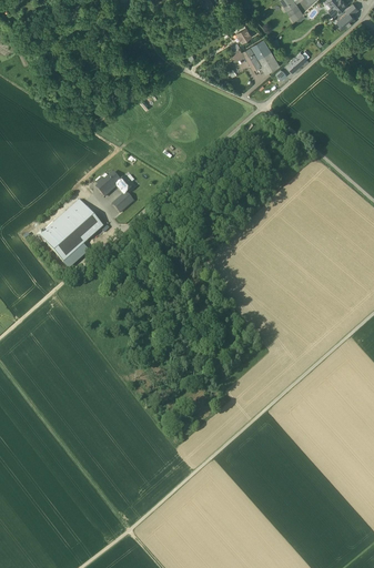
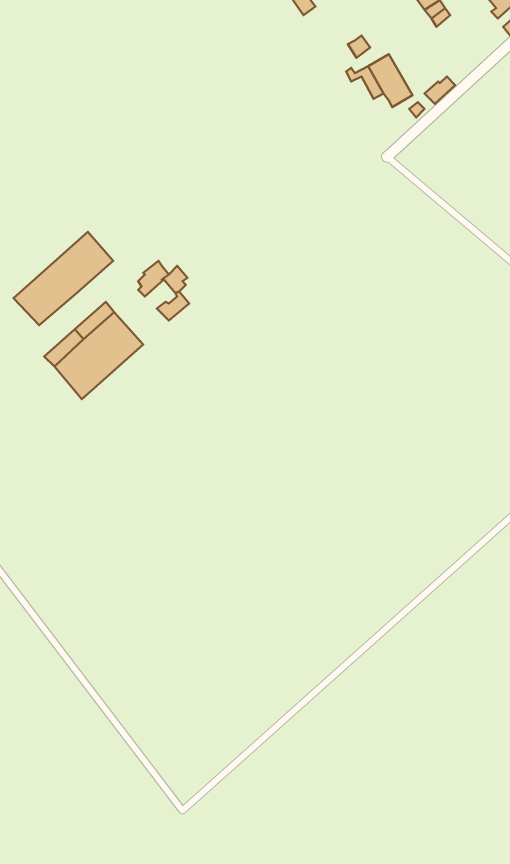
building: none -> [13,232,113,325]

